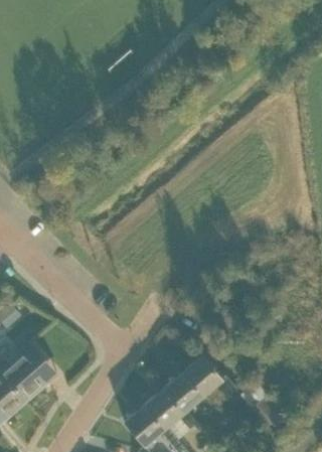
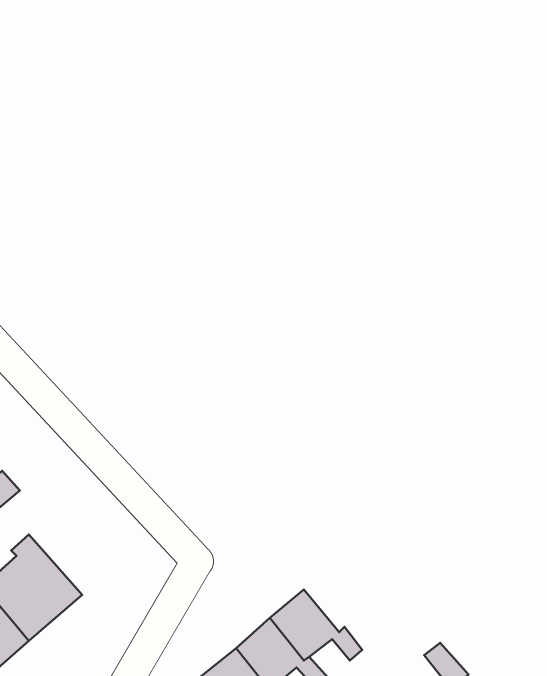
building: [182,354,235,396] -> none

